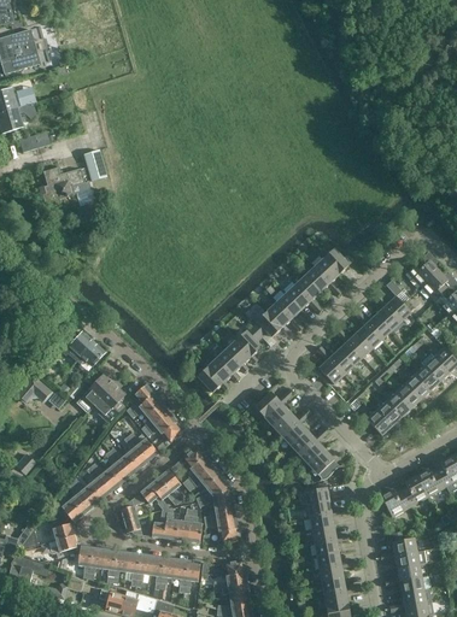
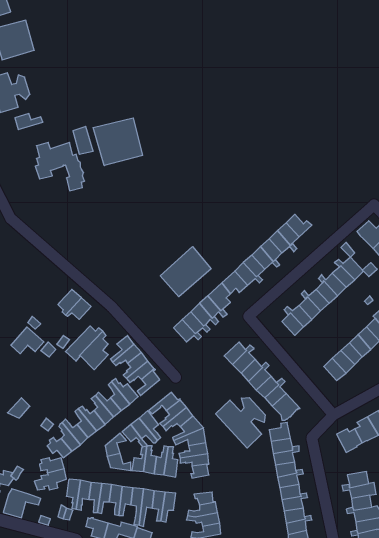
building: none -> [93,118,143,166]
building: none -> [160,247,211,297]
building: none -> [216,398,265,448]

